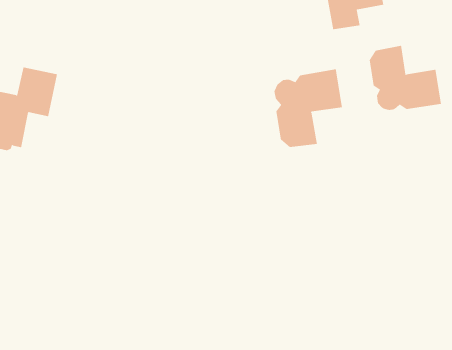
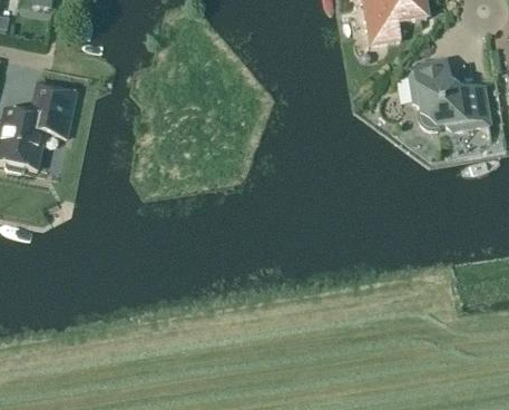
building: [274,50,343,148] -> none

